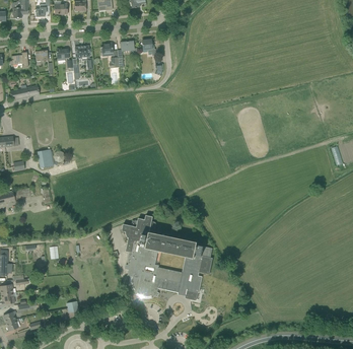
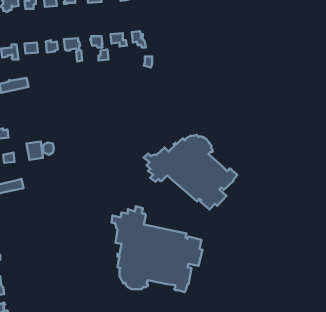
building: none -> [144,135,237,209]

